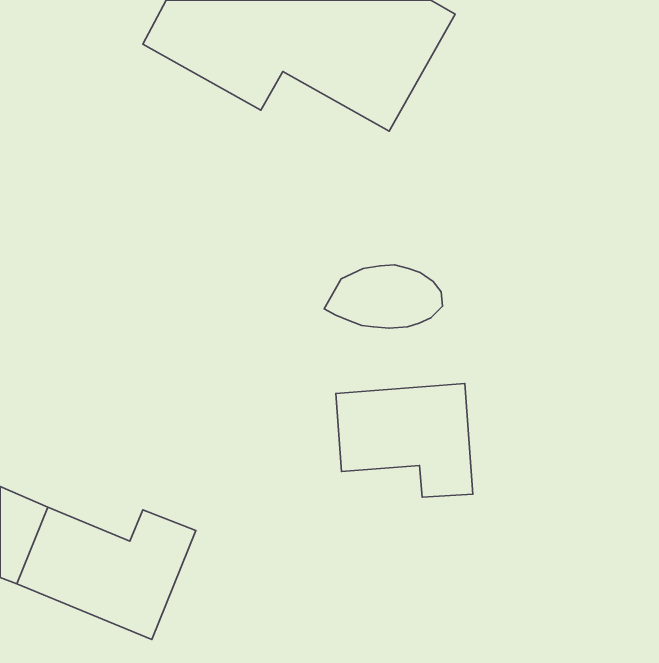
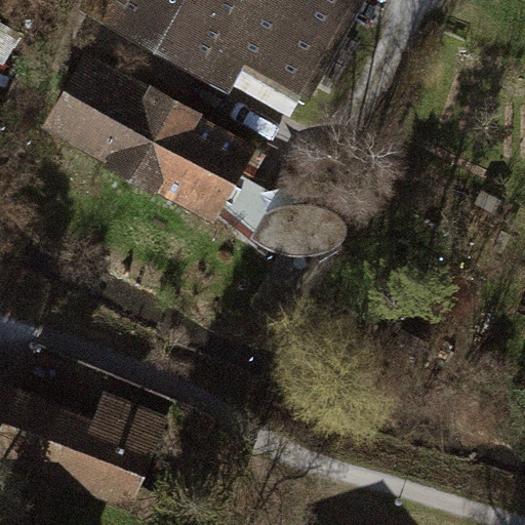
building: none -> [44,55,257,223]
building: [336,383,473,497] -> none

